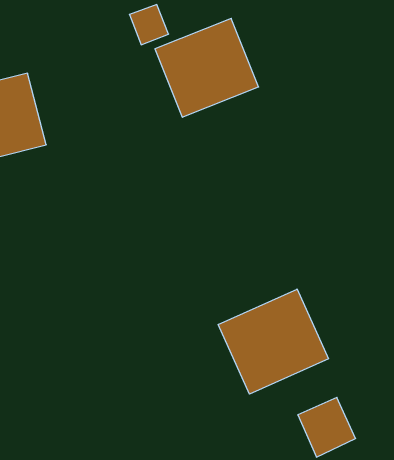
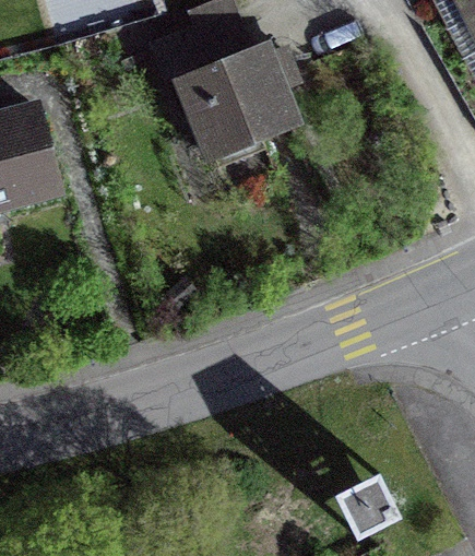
building: [218,289,329,394] -> none

